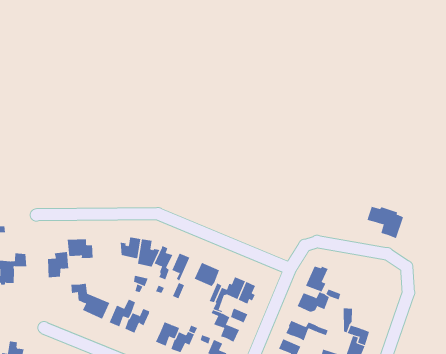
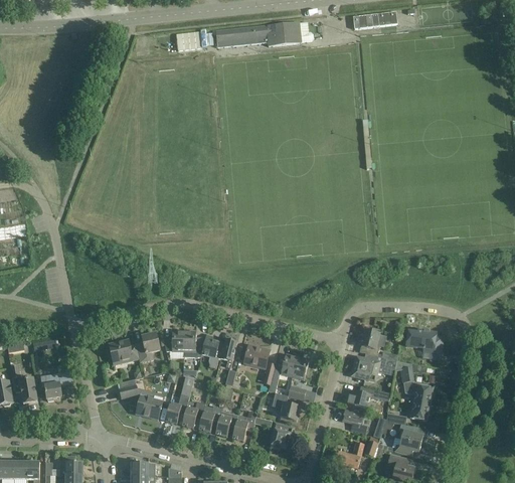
building: [367,206,404,239] -> [405,329,443,359]
building: [47,251,69,278] -> [135,332,159,362]
building: none -> [198,405,221,432]

